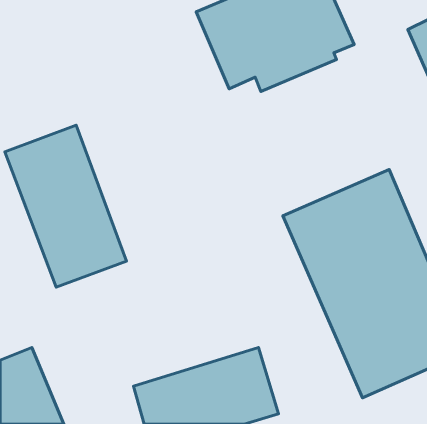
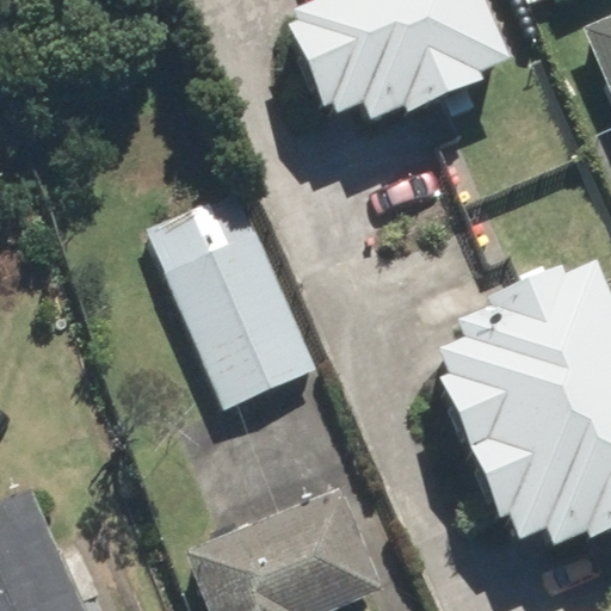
building: [5,125,126,287] -> [146,183,319,413]

